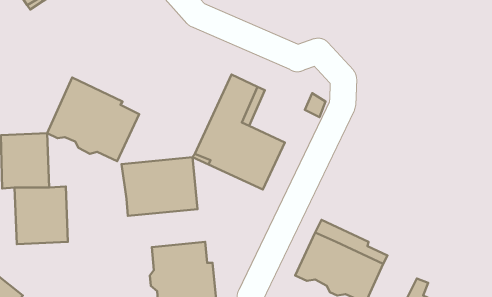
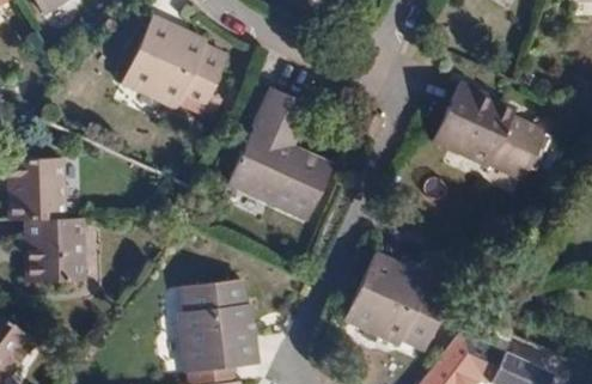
building: none -> [433,86,557,178]
building: [47,78,139,161] -> [123,17,228,112]
building: [122,157,197,216] -> none

